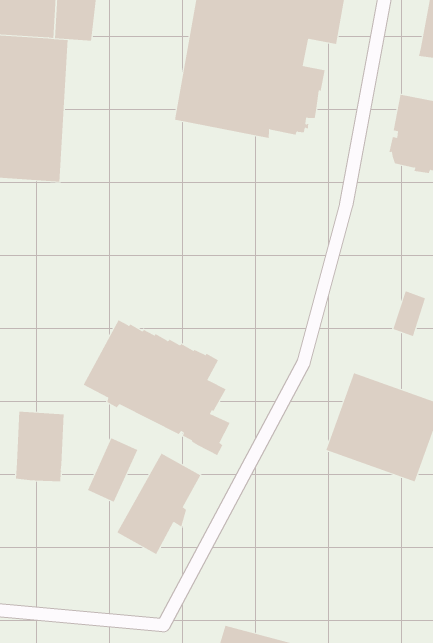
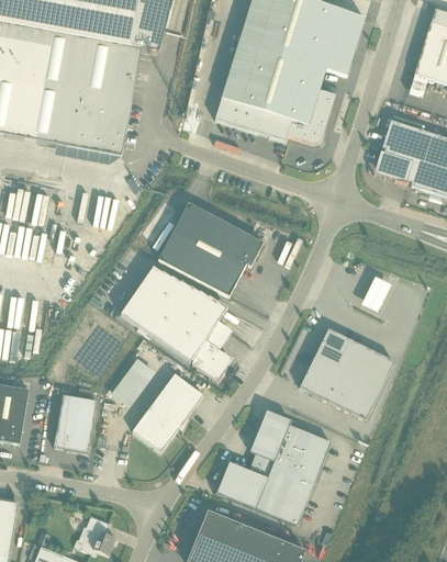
building: none -> [157,201,262,295]
building: [15,411,65,482] -> [53,393,97,451]
building: none -> [214,412,331,525]

